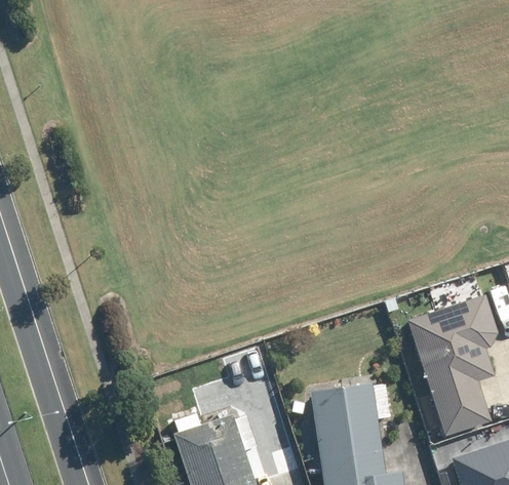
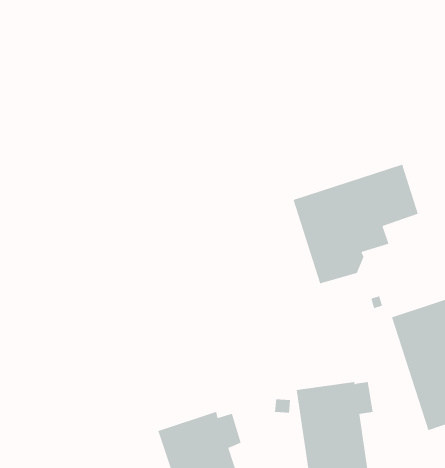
building: none -> [293,164,418,284]

